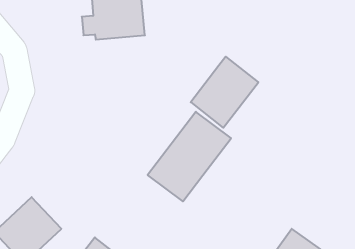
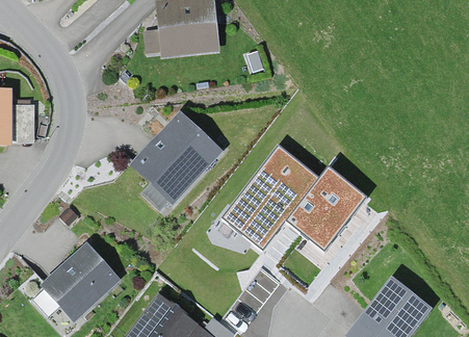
building: [191,57,258,128] -> [286,164,366,249]
building: none -> [132,119,215,202]

